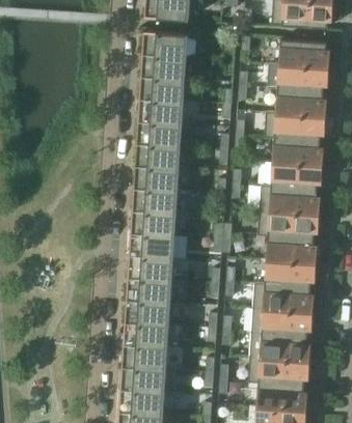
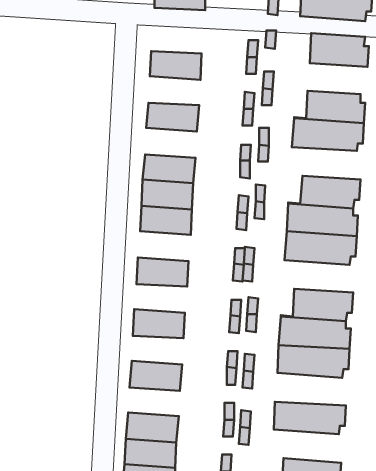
building: [143,30,189,56] -> none
building: [268,63,330,91] -> none
building: [141,76,186,101] -> none
building: [138,120,183,146] -> none
building: [265,137,325,165] -> none
building: [132,209,178,235] -> none
building: [259,234,319,262] -> none
building: [129,255,174,280] -> none
building: [127,300,171,325] -> none
building: [250,332,313,360] -> none
building: [124,344,168,369] -> none
building: [249,380,309,410] -> none

